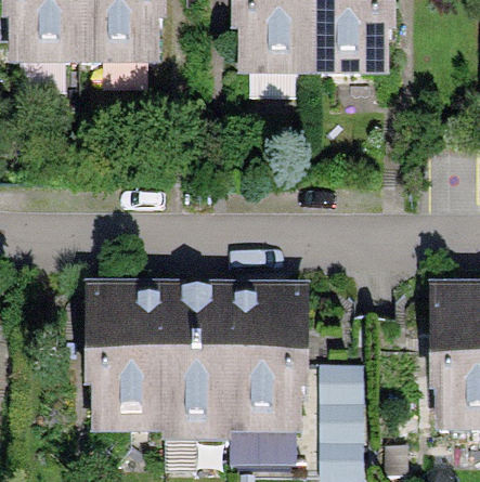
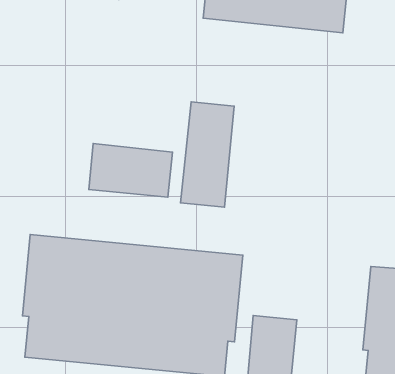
building: none -> [180,102,234,207]
building: none -> [89,143,172,197]

